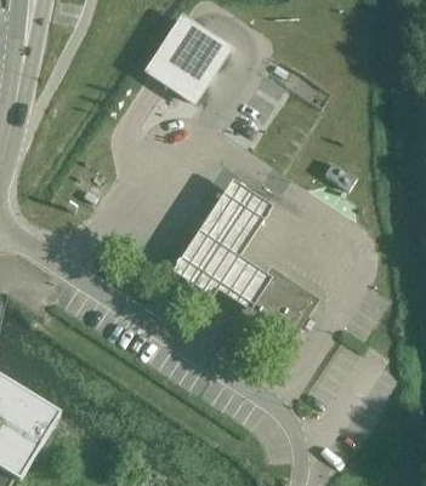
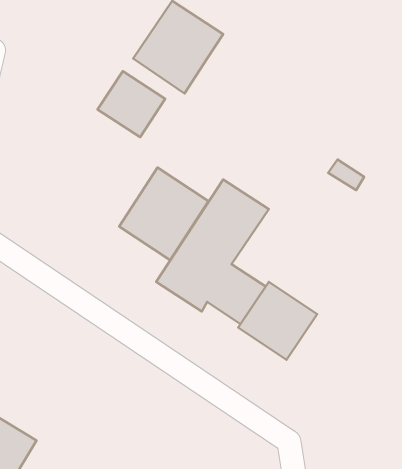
building: none -> [98,71,165,137]
building: none -> [119,168,209,260]

